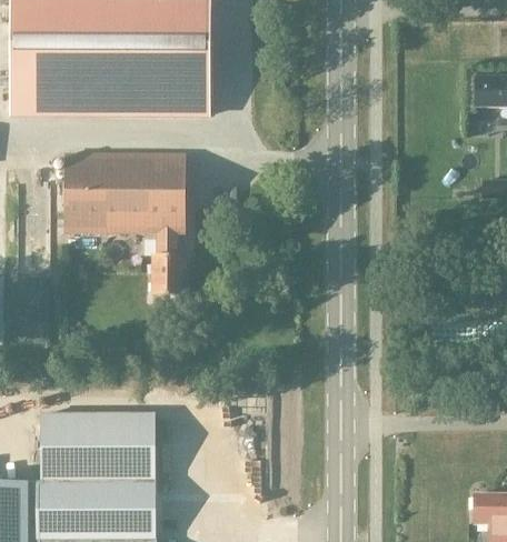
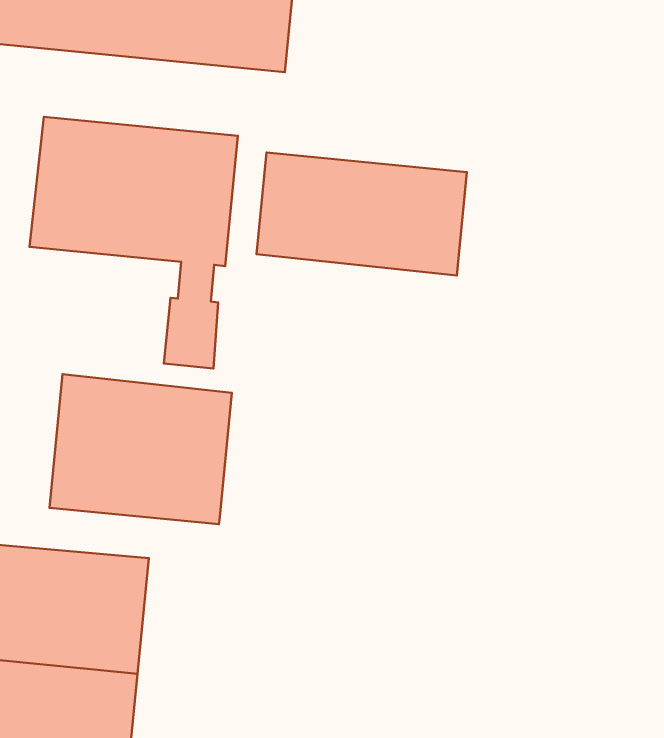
building: none -> [256,153,467,275]
building: none -> [49,374,232,524]

